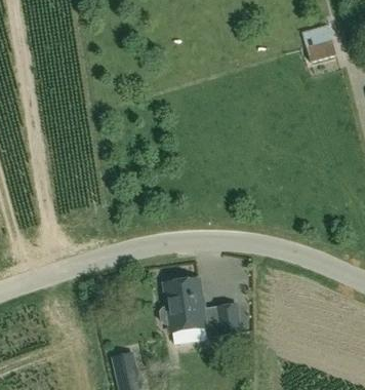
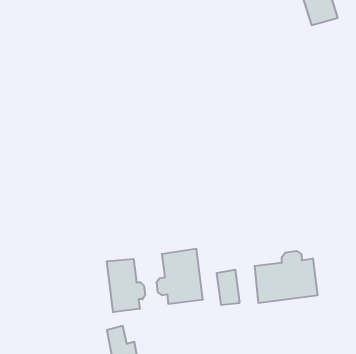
building: none -> [255,251,318,303]
building: none -> [107,259,145,312]

